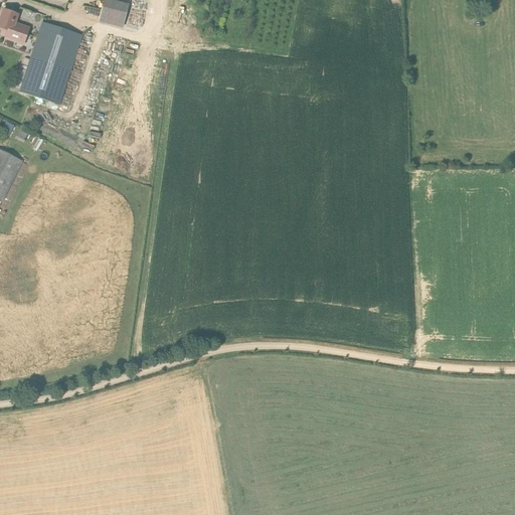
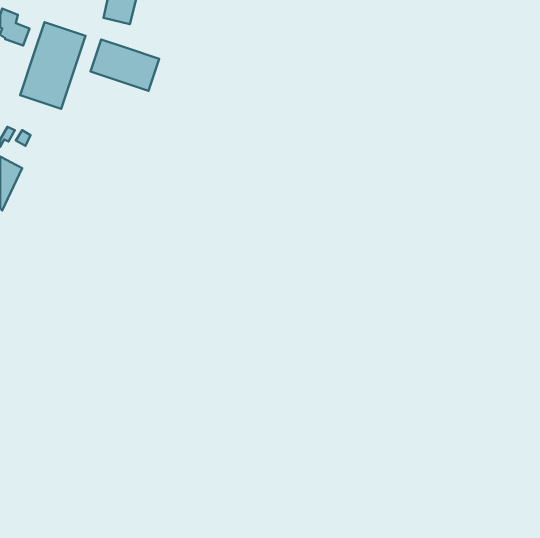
building: none -> [90,39,159,91]

